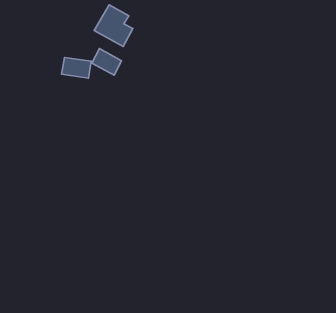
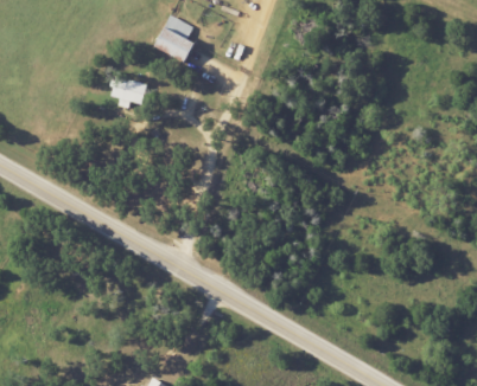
building: [92,49,122,75] -> none

